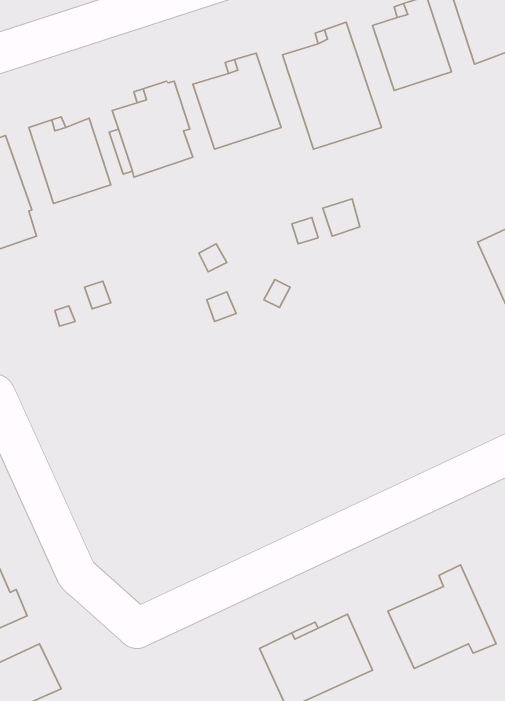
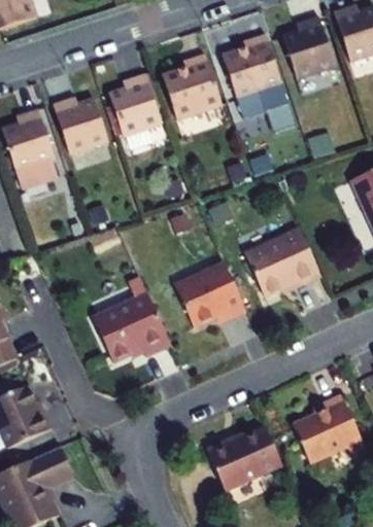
building: none -> [244,226,320,295]
building: none -> [174,261,245,325]
building: none -> [93,276,170,360]

